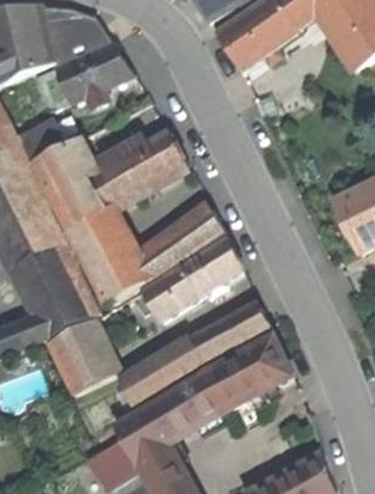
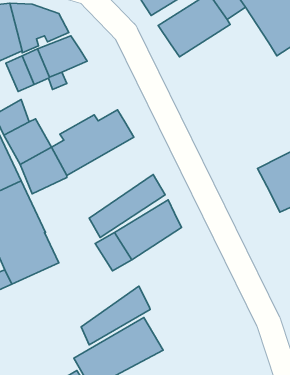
building: [66,212,146,306] -> none
building: [191,304,269,364] -> none
building: [47,319,116,394] -> none
building: [197,335,291,415] -> none

